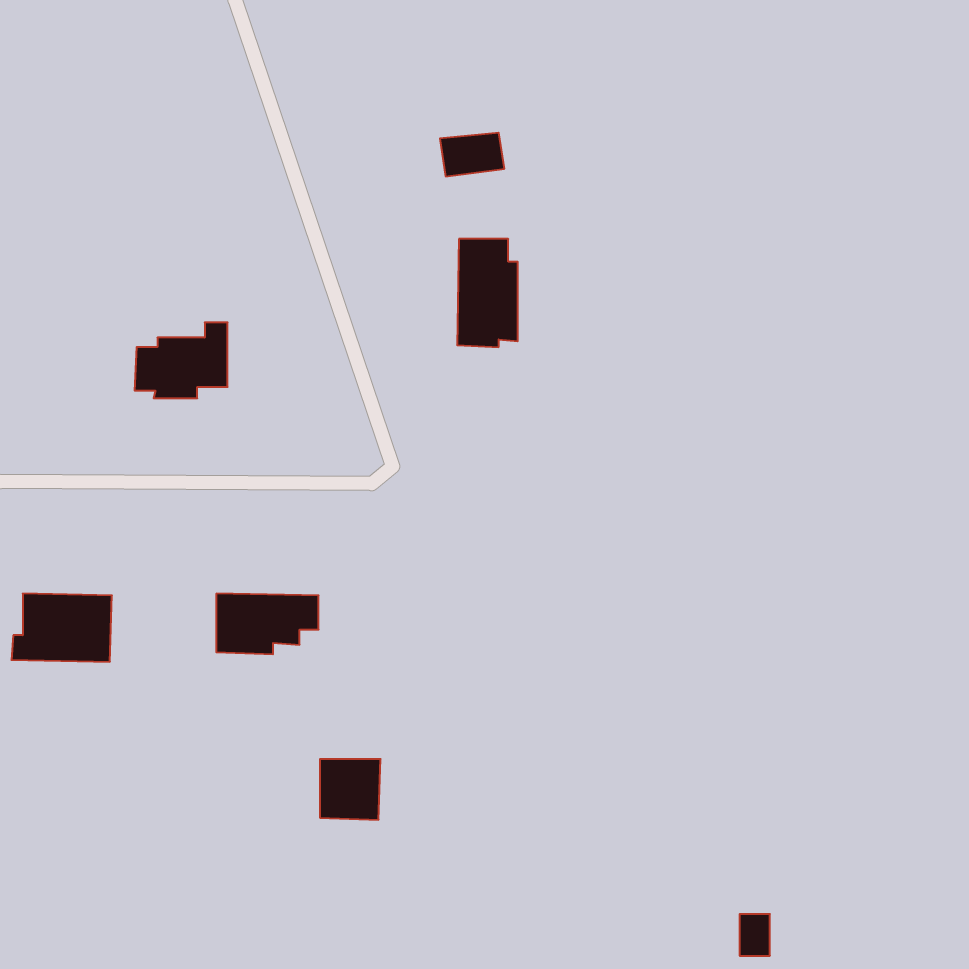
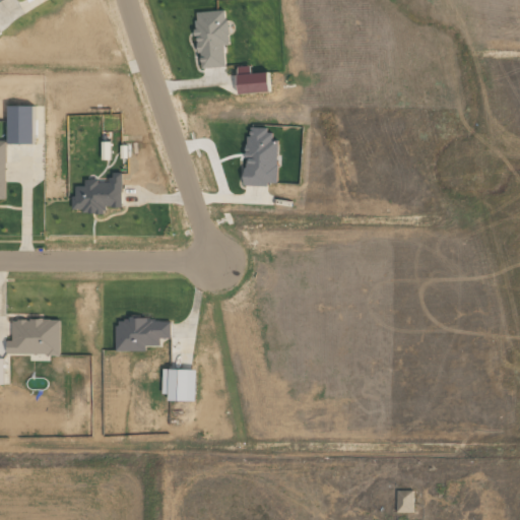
building: none -> [196,9,229,67]
building: none -> [6,105,34,143]
building: [320,759,381,820] -> [164,368,196,400]

